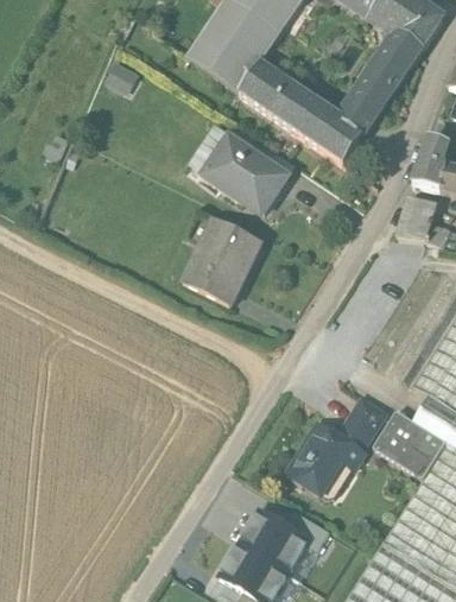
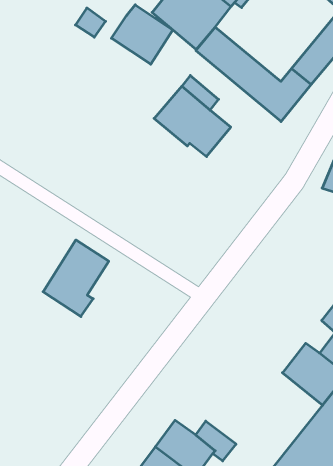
building: none -> [111,5,173,64]
building: [185,218,255,304] -> [43,240,109,317]
building: [346,395,386,437] -> none
building: [285,425,365,490] -> none

